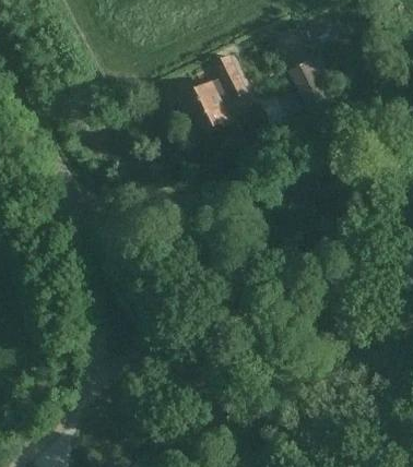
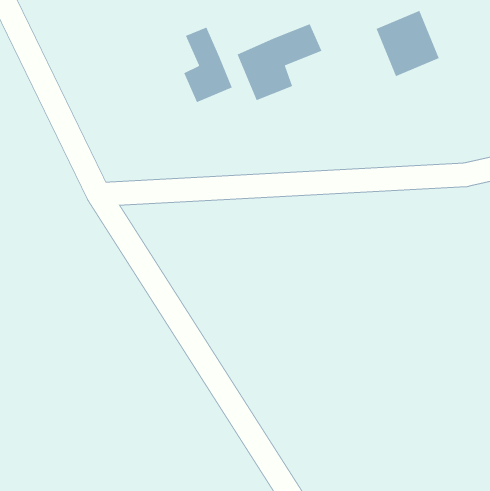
building: none -> [183,27,233,103]

